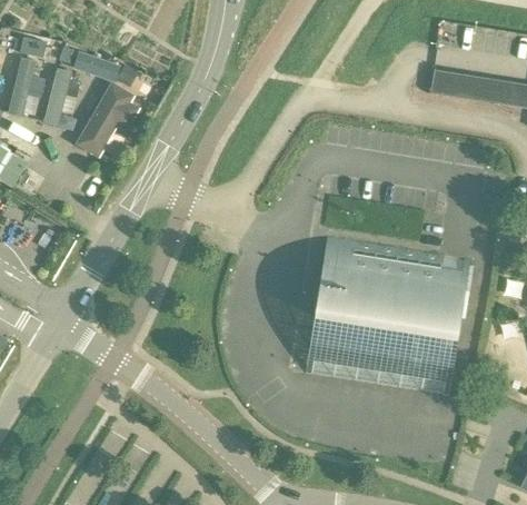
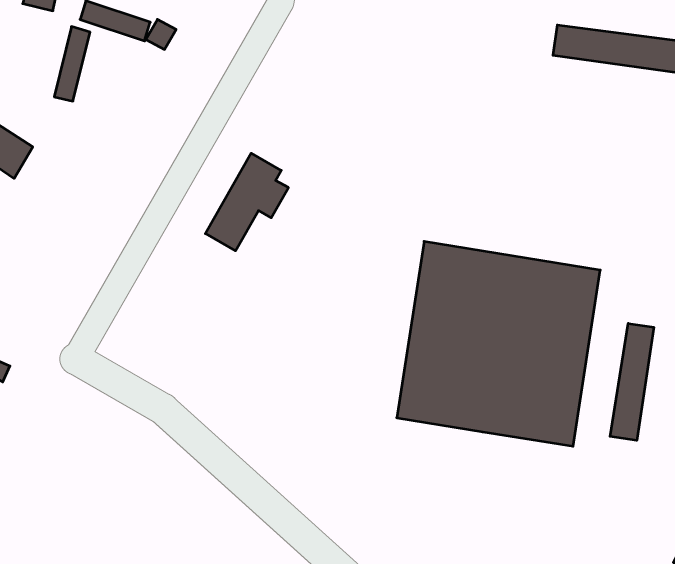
building: [7,58,42,116] -> none
building: [74,82,139,158] -> [205,153,288,251]
building: none -> [610,323,654,440]

